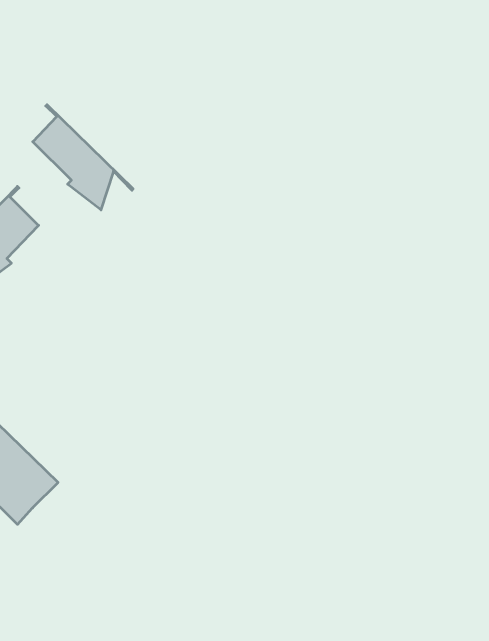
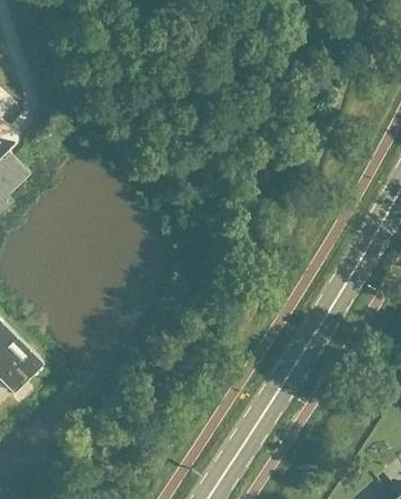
building: [33,105,133,210] -> none

